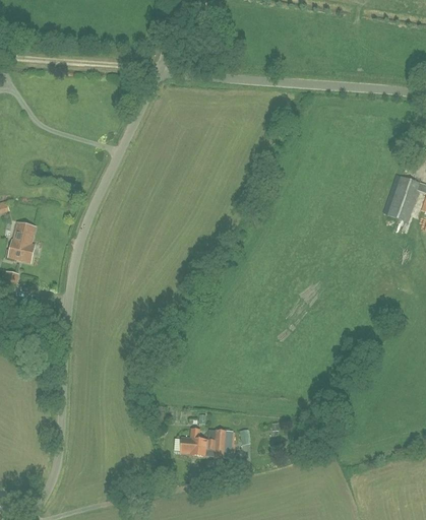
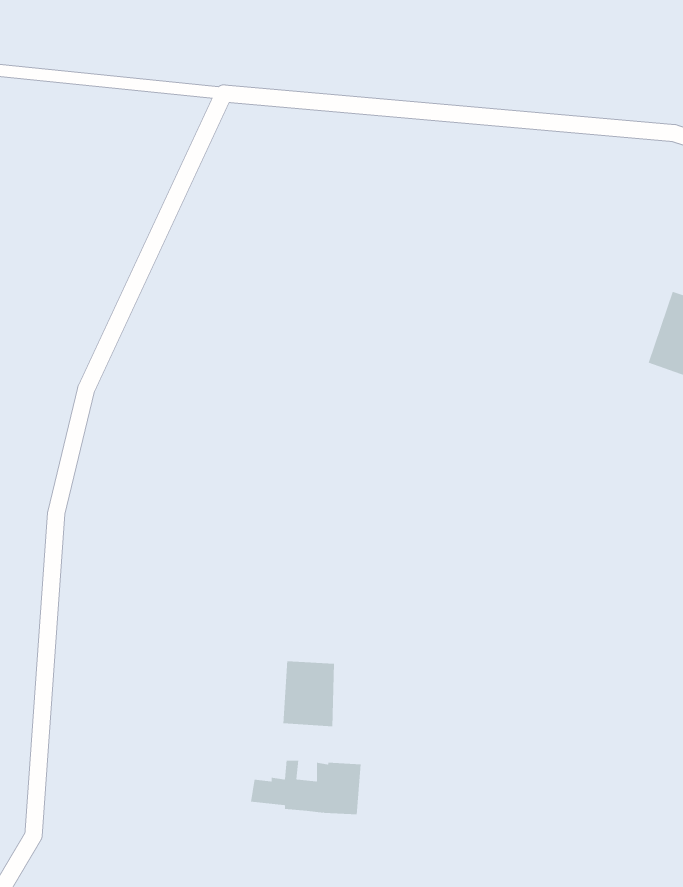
building: none -> [283,660,335,727]

